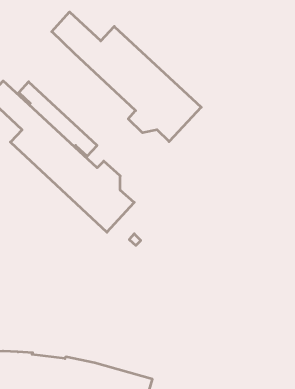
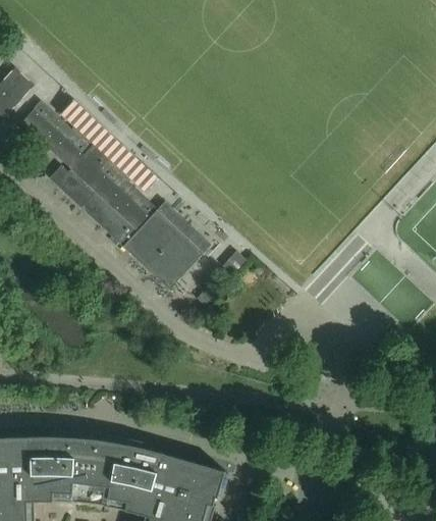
building: [52,12,201,142] -> none

